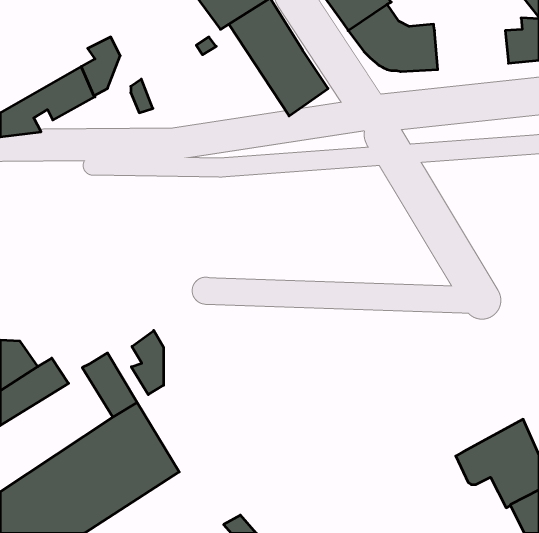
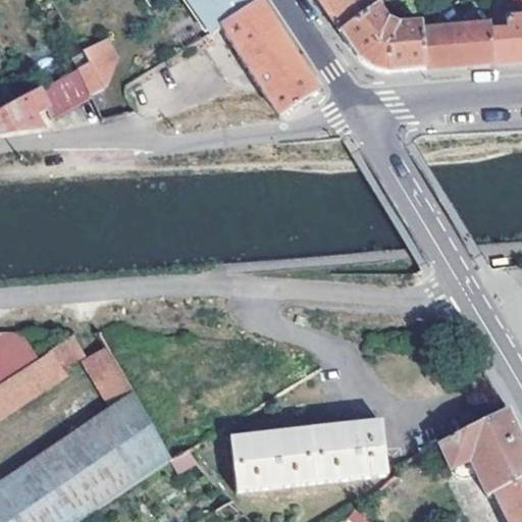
building: none -> [420,23,491,67]
building: [131,330,164,395] -> none
building: none -> [231,419,387,489]

